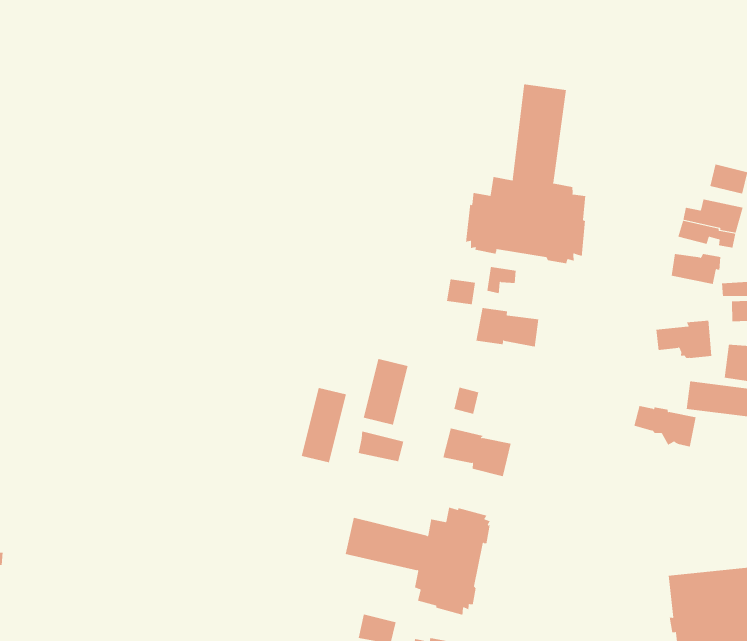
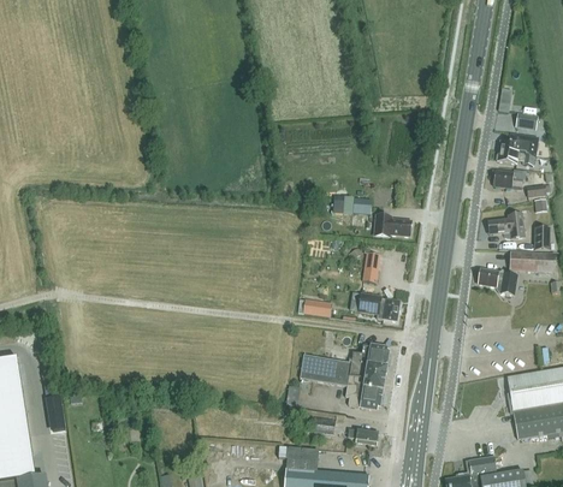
building: [466,84,586,264] -> none
building: [363,358,408,425] -> none
building: [301,387,347,463] -> none

